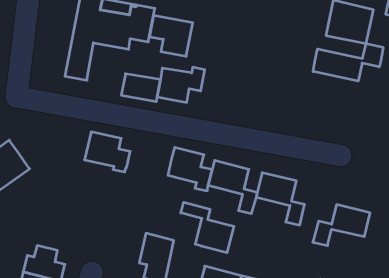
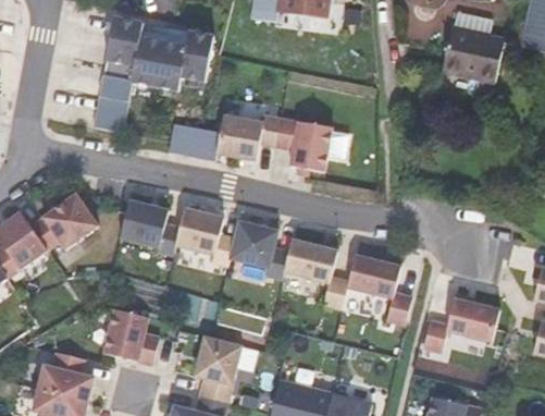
building: [149,15,193,56] -> [274,118,332,172]
building: [313,44,383,81] -> none
building: none -> [30,194,98,249]
building: none -> [176,207,235,266]
building: [181,202,234,253] -> none
building: none -> [103,308,159,364]

